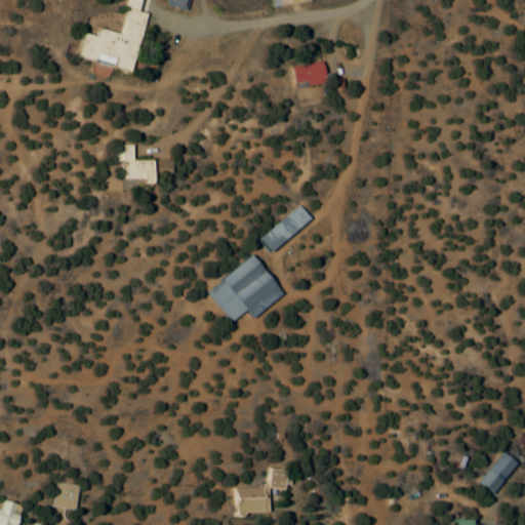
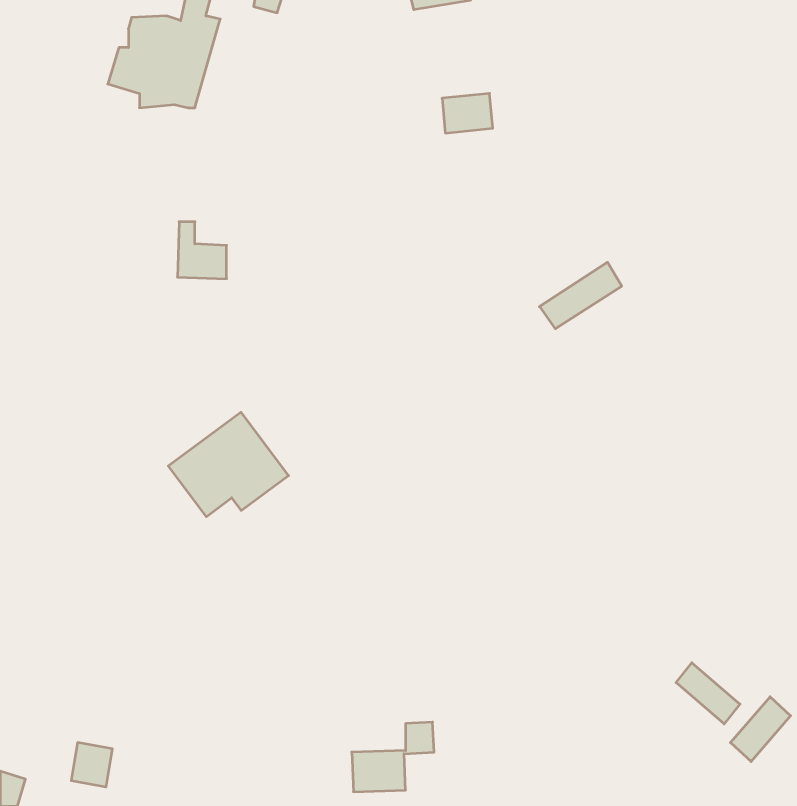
building: [259,205,313,248] -> [539,262,622,329]
building: [207,253,285,321] -> [168,412,289,517]
building: none -> [676,663,740,724]

